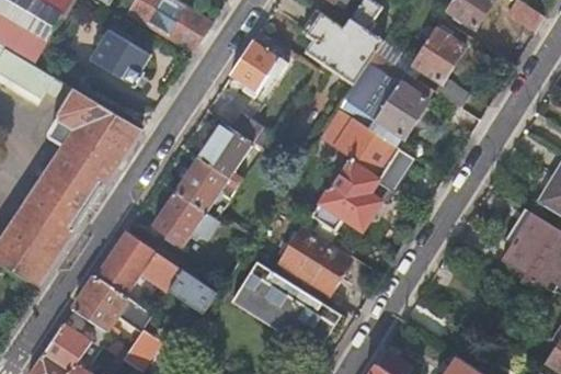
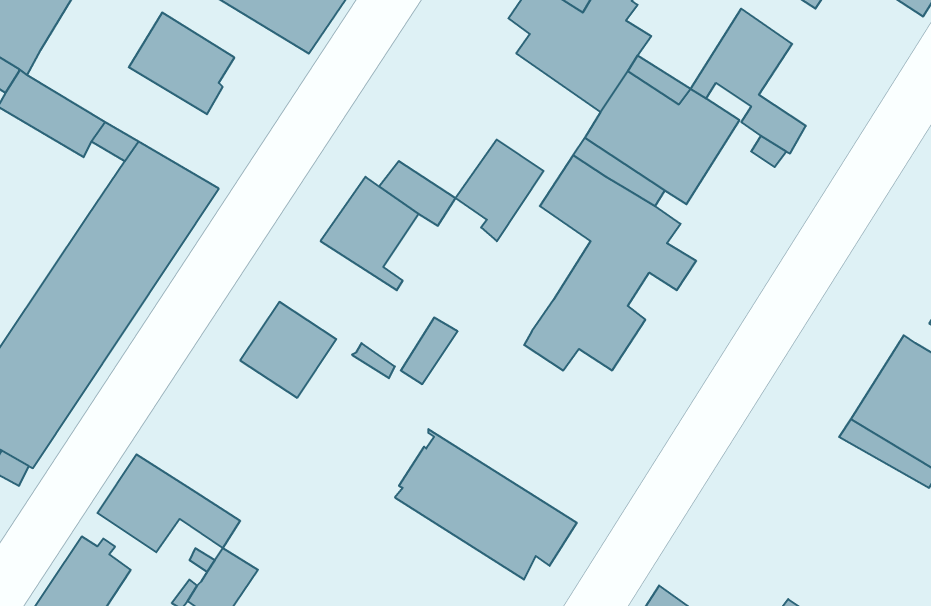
building: [229,41,278,98] -> [456,140,544,241]
building: [174,157,240,212] -> none
building: [94,230,156,296] -> none
building: [280,230,348,293] -> none
building: [169,269,218,314] -> none

